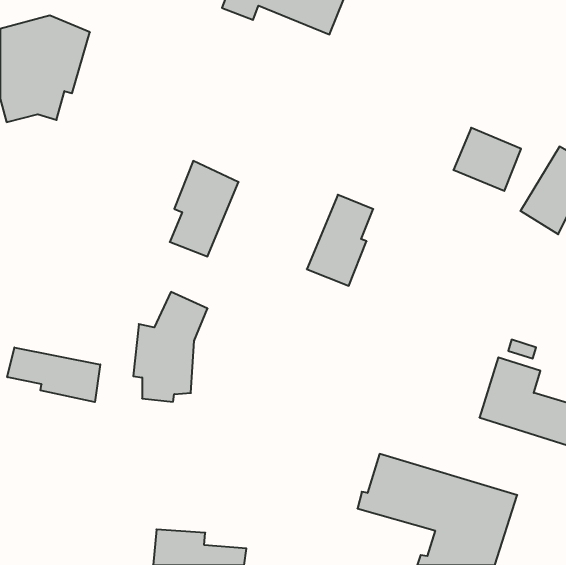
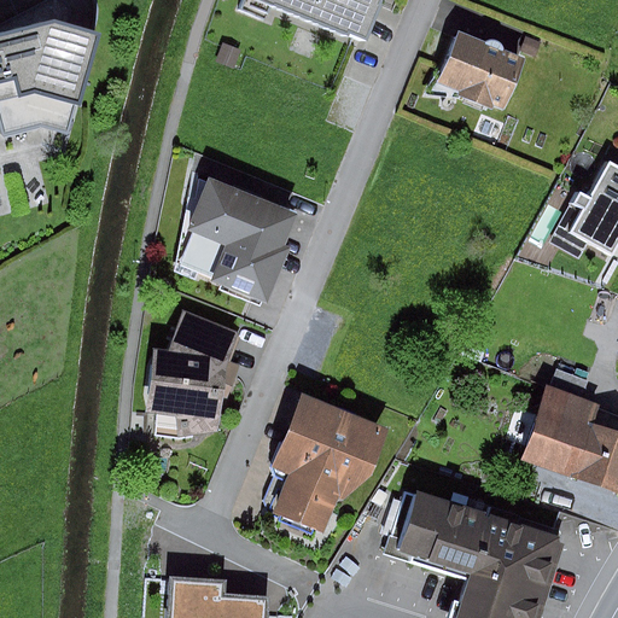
building: [453,128,521,191] -> [438,35,512,104]
building: [307,195,373,286] -> [227,198,299,297]
building: [7,347,100,402] -> none
building: none -> [270,401,373,530]

